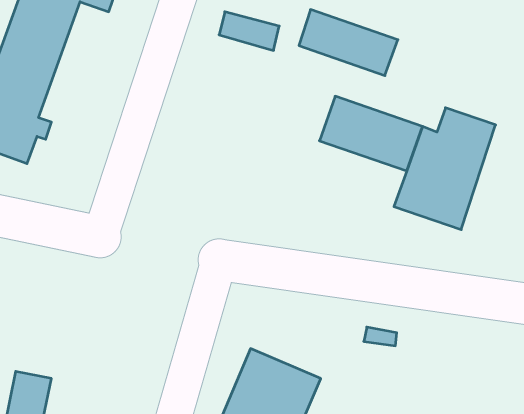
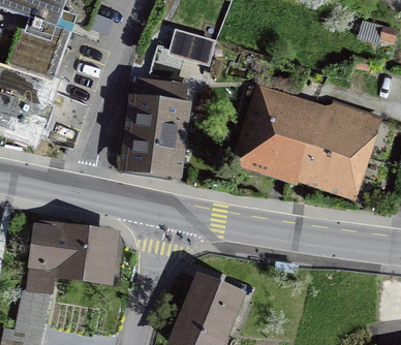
building: [299,10,398,76] -> [236,125,307,172]
building: none -> [123,83,182,170]
building: none -> [28,225,109,288]

